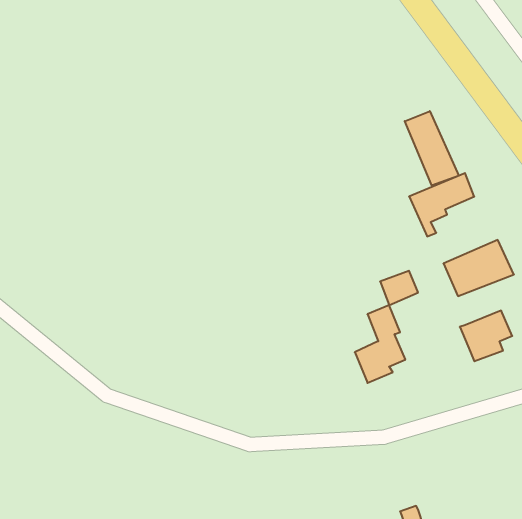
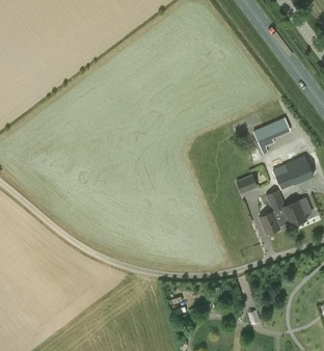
building: [405,111,459,185] -> none
building: [355,305,405,383] -> [259,190,288,235]

